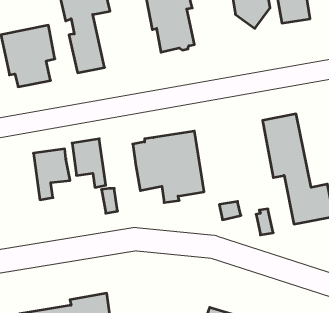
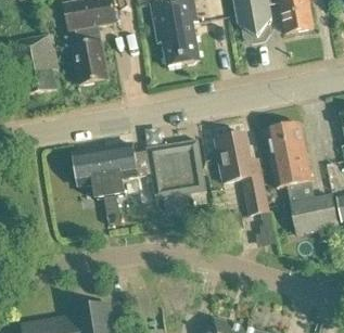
building: none -> [216,135,269,216]
building: [33,149,70,200] -> [102,144,139,195]

